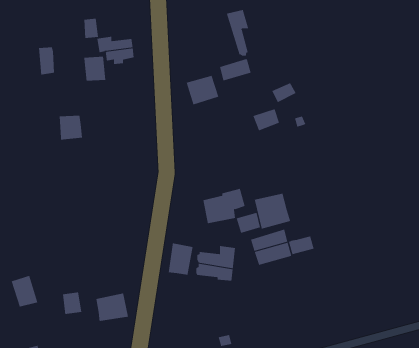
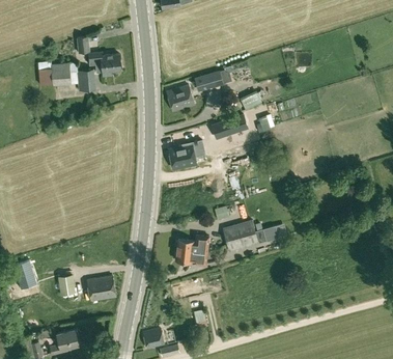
building: [226,9,249,56] -> none
building: [59,115,83,140] -> [51,64,72,86]
building: [203,188,245,224] -> [168,139,205,170]
building: [254,193,291,229] -> none
building: [168,243,193,276] -> none

